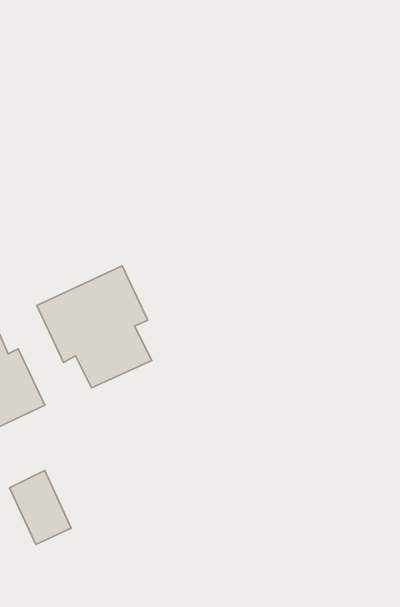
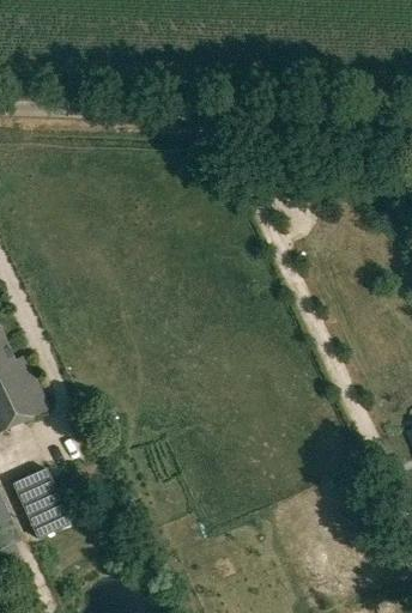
building: [37,266,152,388] -> none

